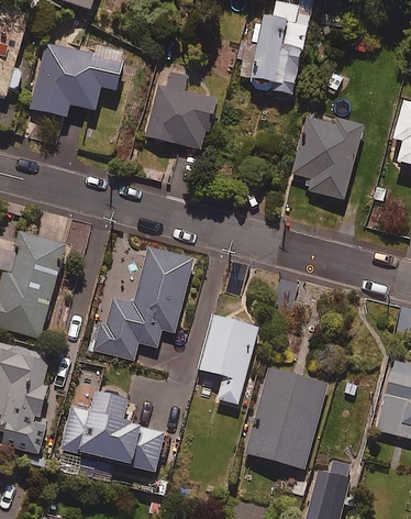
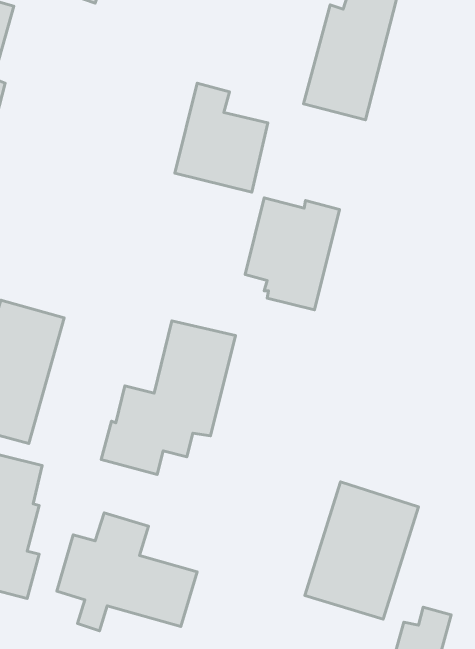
building: [30,41,126,115] -> none
building: [289,117,359,200] -> [245,198,340,310]
building: [200,313,260,404] -> none

